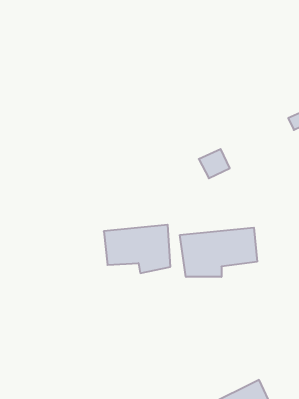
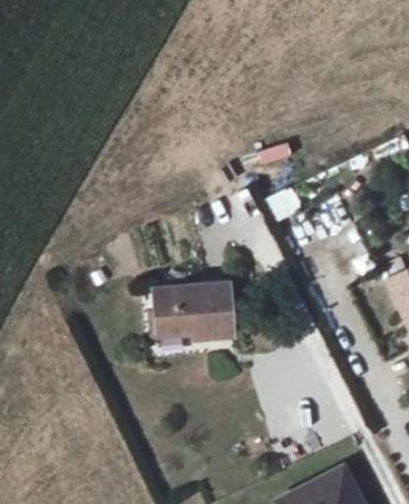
building: [180,228,257,277] -> none

